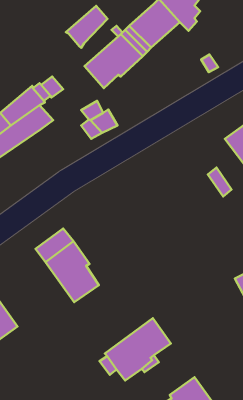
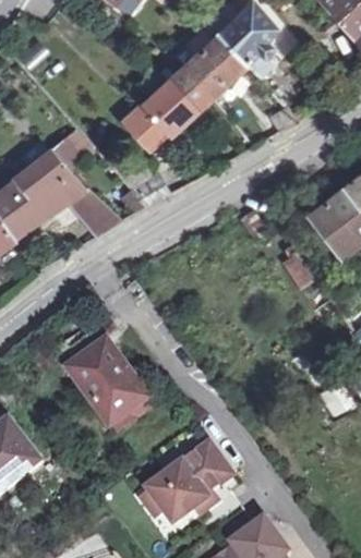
building: [66,6,107,48] -> none
building: none -> [68,191,117,238]

